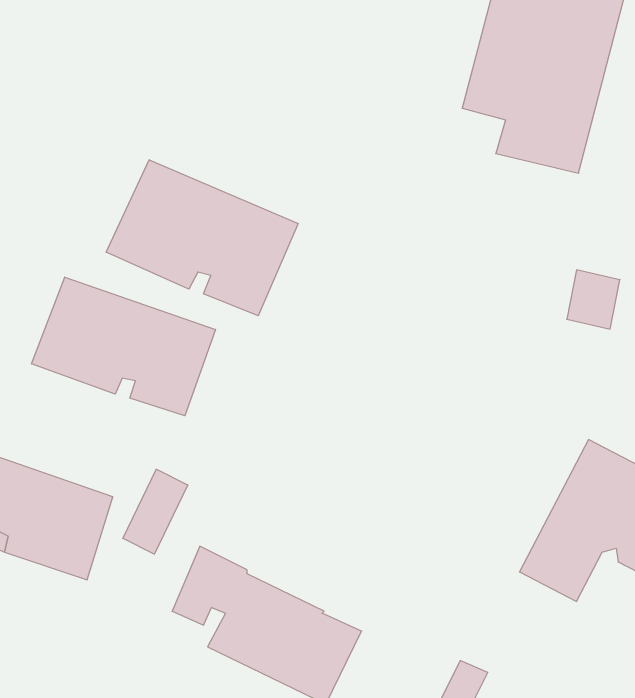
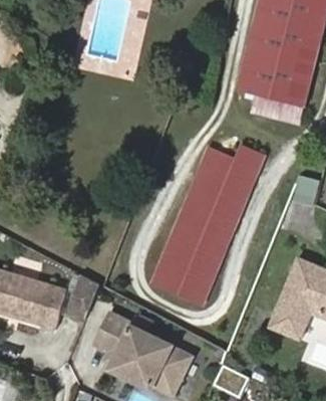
building: [106,160,298,316] -> none
building: none -> [149,146,263,306]
building: [32,277,215,416] -> none

